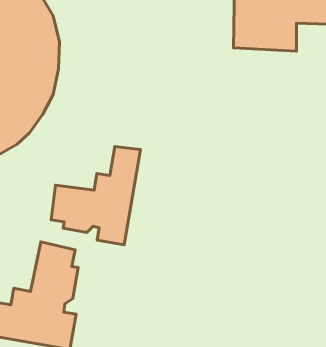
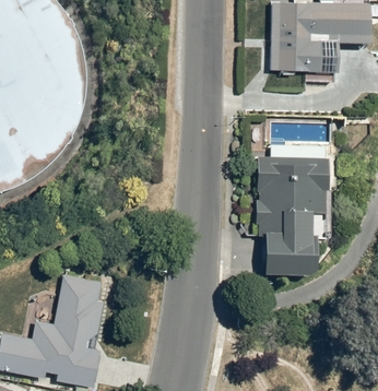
building: none -> [252,155,327,276]
building: [51,147,141,245] -> none

